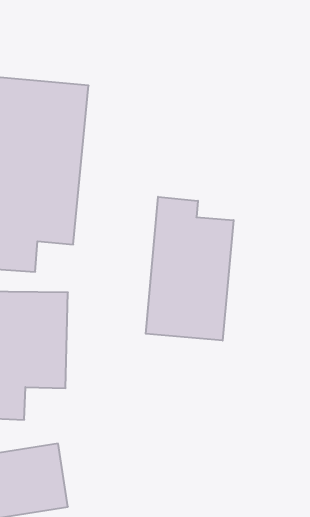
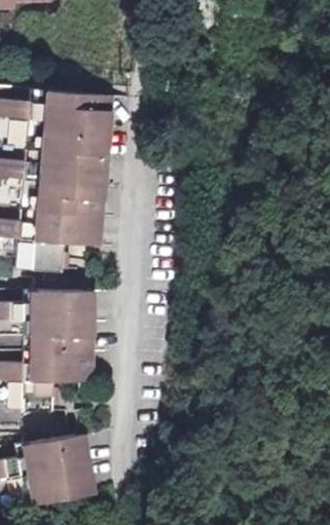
building: [146,197,234,341] -> none

